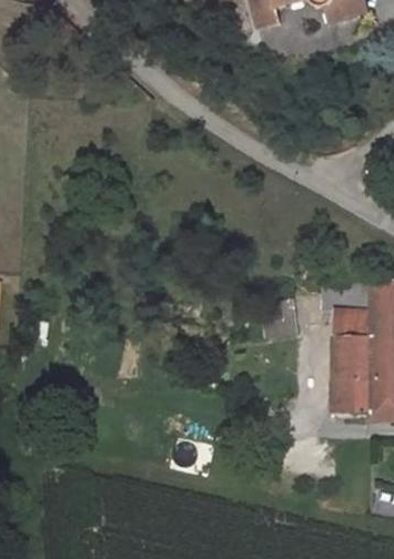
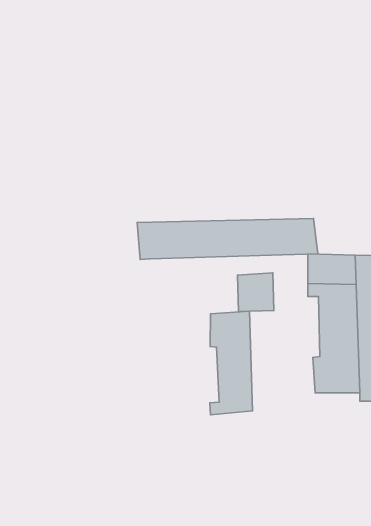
building: none -> [137,219,318,259]
building: none -> [210,311,253,415]

